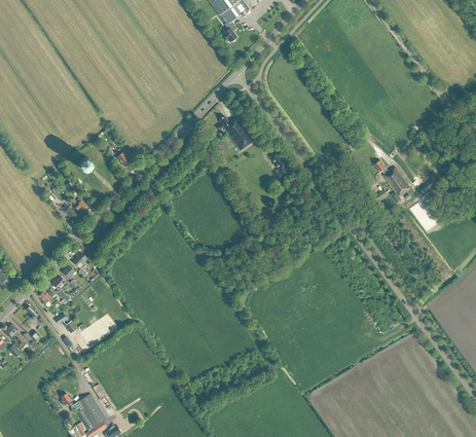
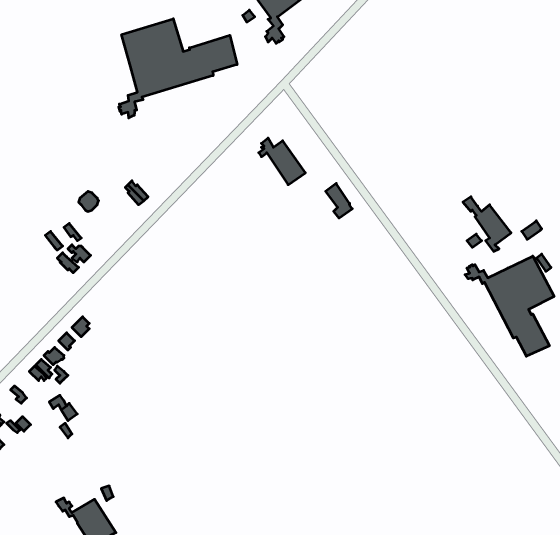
building: none -> [119,19,237,118]
building: none -> [465,256,554,356]

